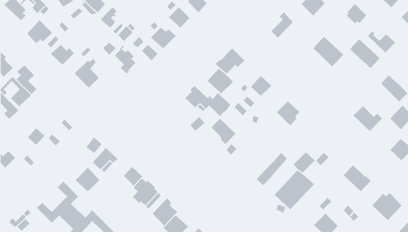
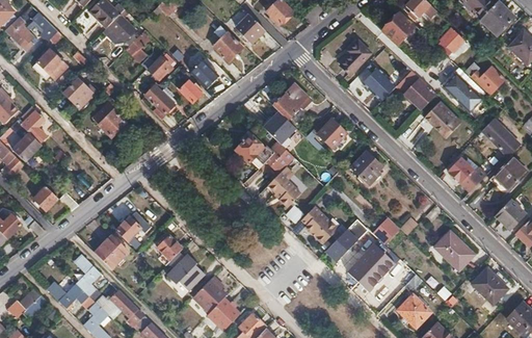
building: none -> [364,66,398,98]
building: none -> [425,102,460,136]
building: none -> [301,206,347,244]

